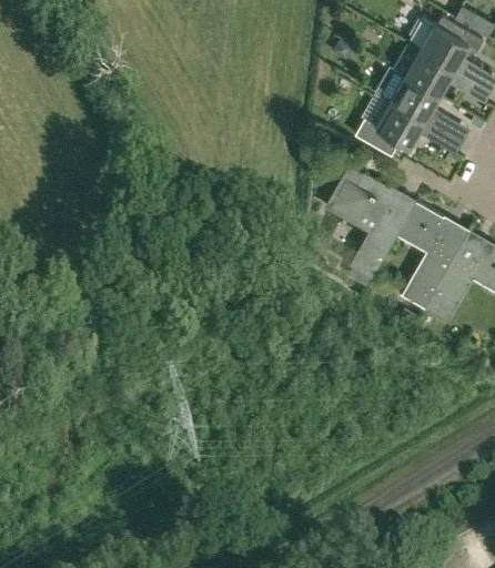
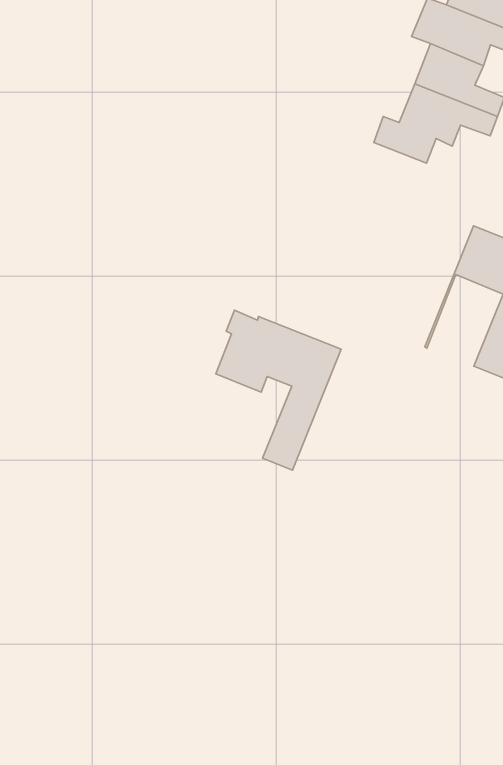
building: [329,165,415,278] -> [216,310,341,470]

